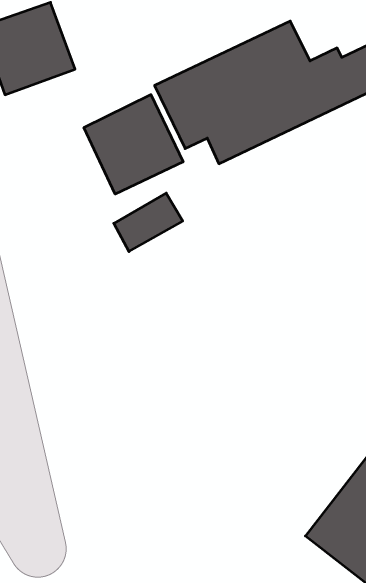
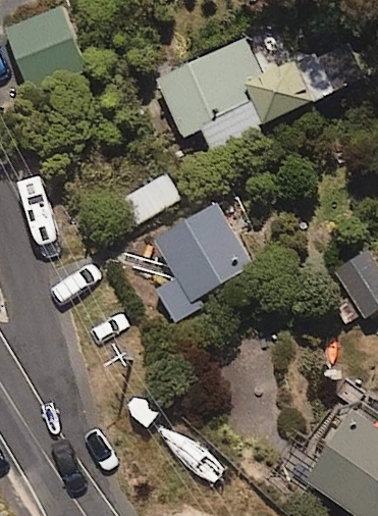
building: [84,95,183,194] -> none
building: none -> [152,201,254,322]

